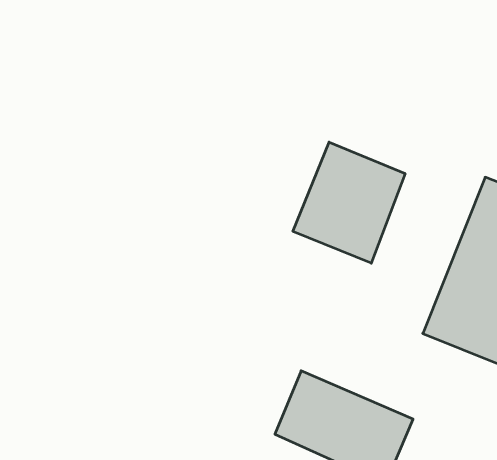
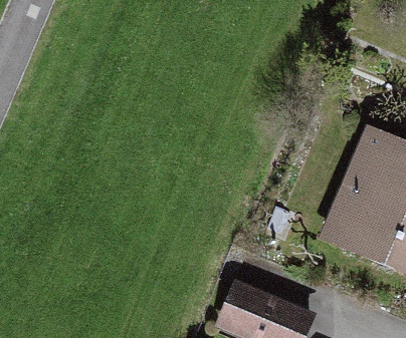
building: [293,142,405,263] -> none

